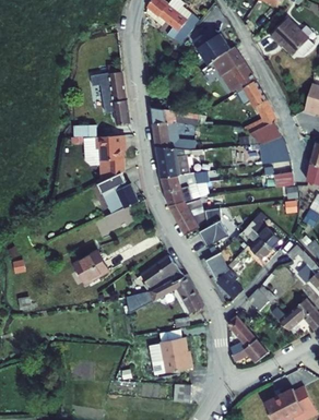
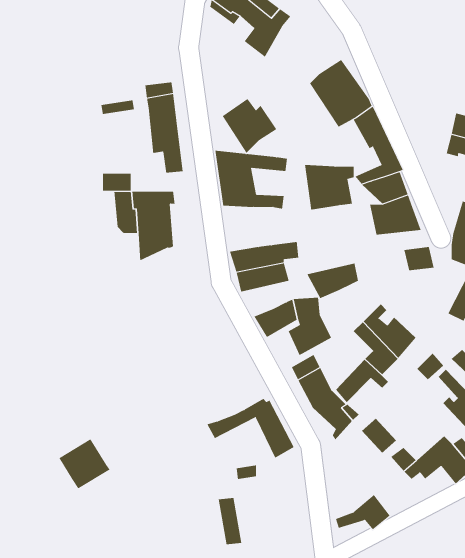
building: [270,19,309,55] -> none
building: [194,29,232,67] -> [222,98,277,154]
building: [155,146,189,177] -> [304,165,355,210]
building: [96,175,135,213] -> none
building: [167,196,202,220] -> [307,263,359,299]
building: [71,253,106,287] -> [58,439,111,489]
building: [140,255,182,287] -> none
building: [227,316,257,356] -> none
building: [163,337,194,372] -> none

